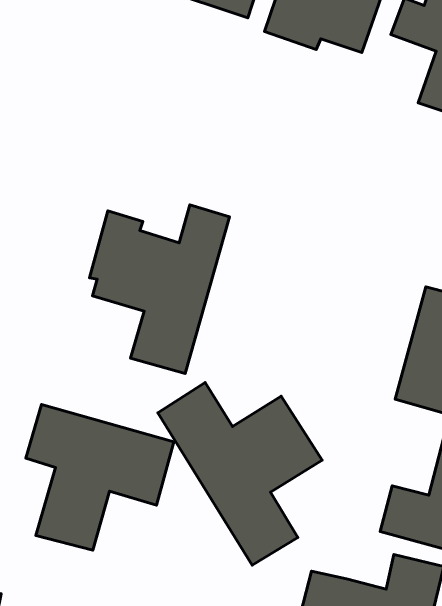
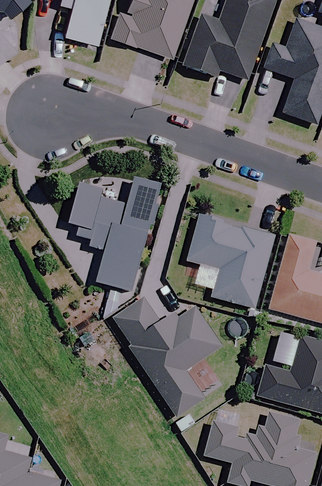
building: none -> [188,214,275,308]
building: [26,405,174,550] -> none

